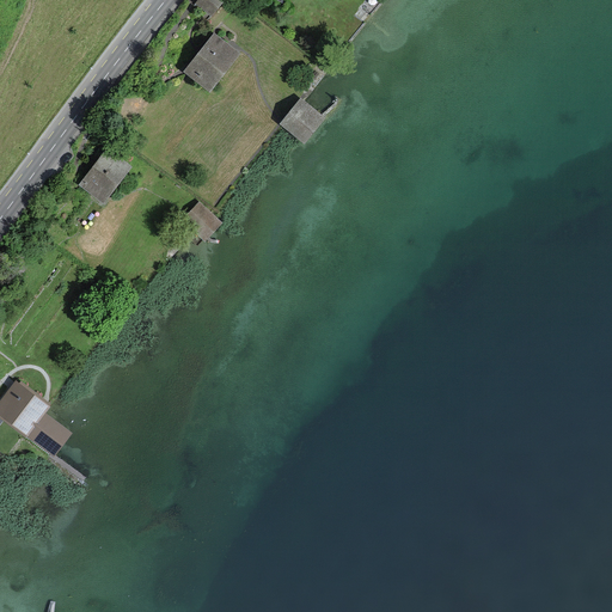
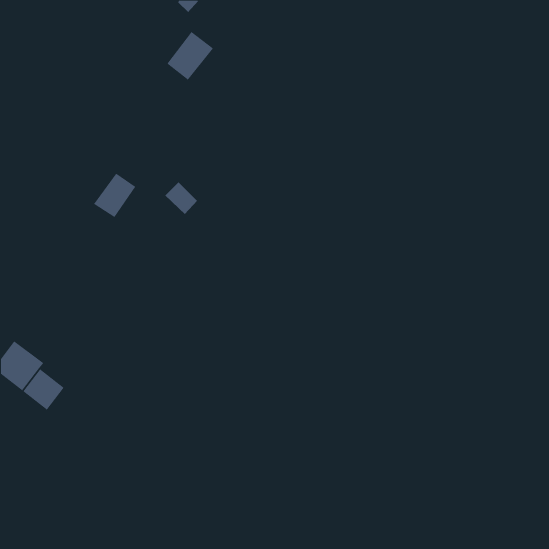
building: [281,102,322,142] -> none
building: [80,151,128,201] -> [93,173,136,218]

